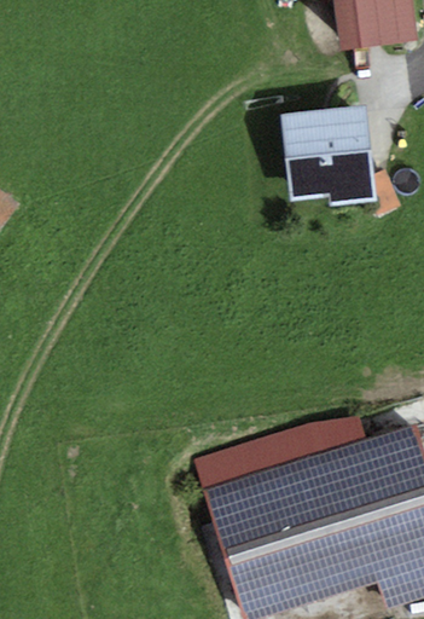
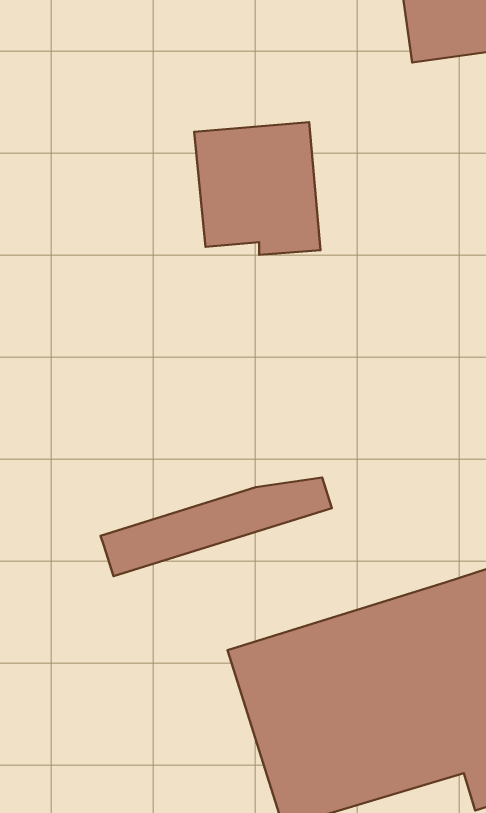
building: [281,106,376,206] -> [194,122,321,255]
building: [192,416,365,490] -> [100,477,332,576]

